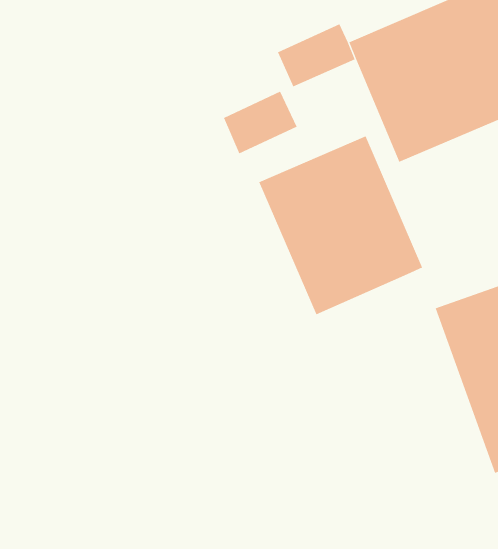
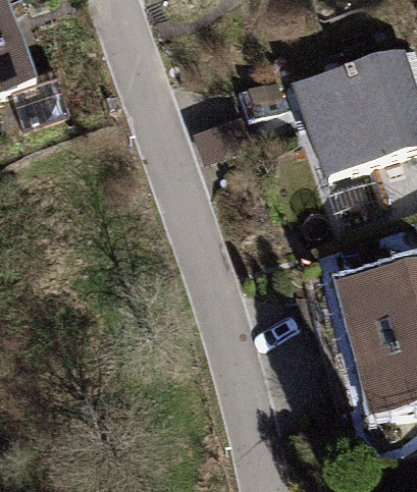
building: [258,136,423,315] -> none

